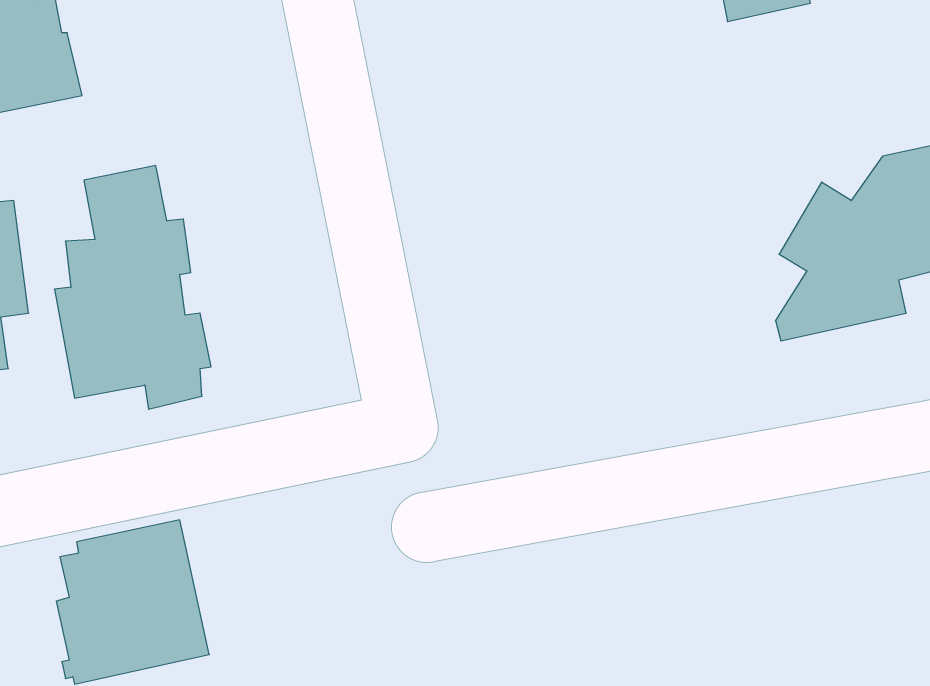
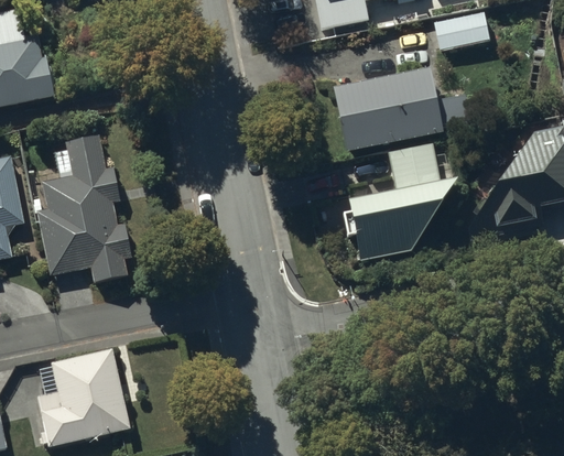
building: none -> [334,67,469,149]
building: none -> [350,143,457,260]

